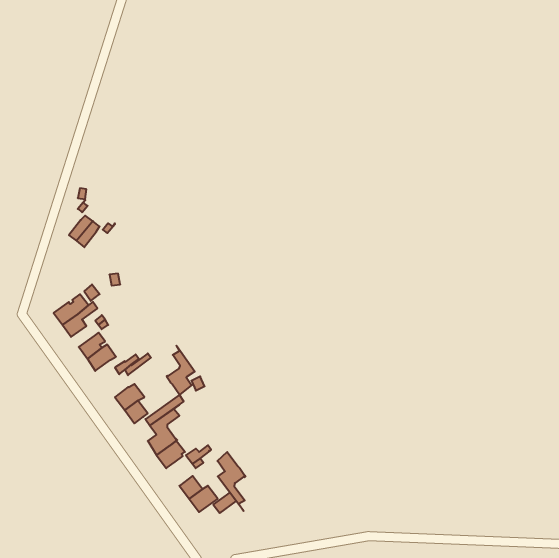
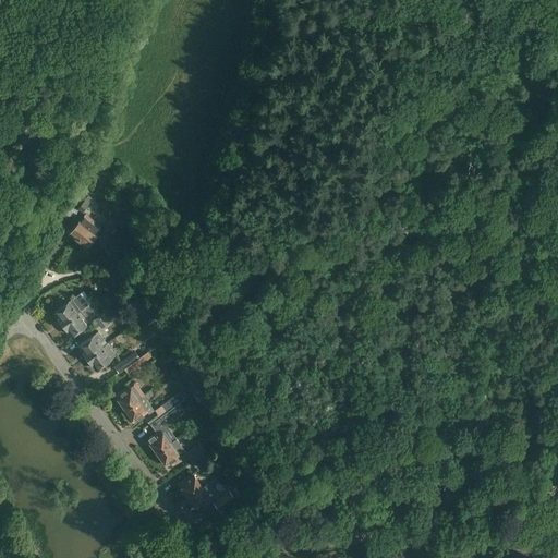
building: [167,346,195,395] -> none
building: [217,452,245,511] -> none

